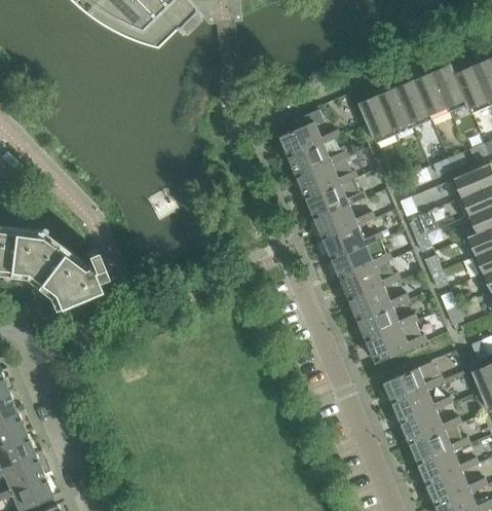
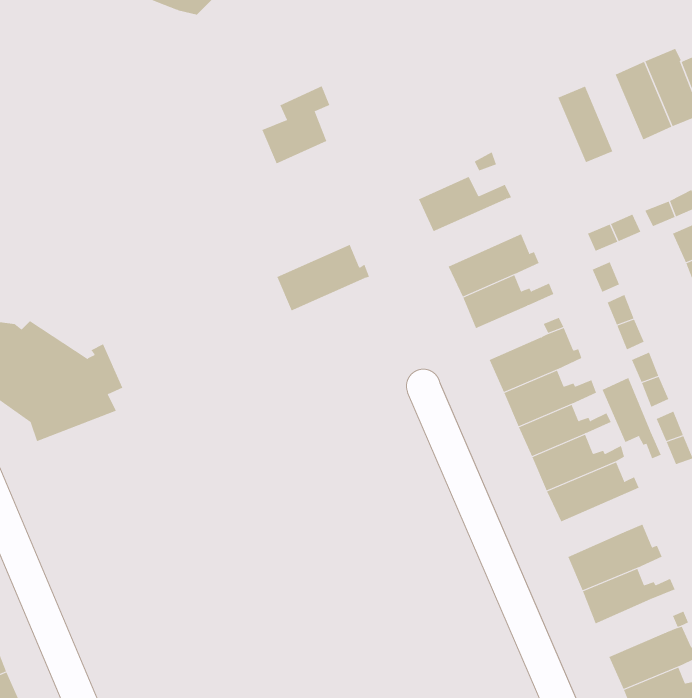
building: [395,80,431,129] -> none
building: [359,95,395,144] -> none
building: [281,109,325,158] -> [261,85,330,164]
building: [300,158,358,200] -> [276,244,370,311]
building: [327,225,368,259] -> none
building: none -> [602,377,662,459]
building: [402,409,446,445] -> none

